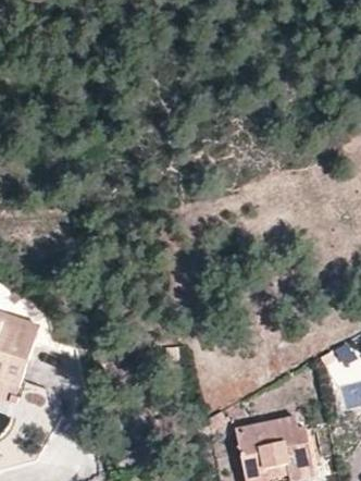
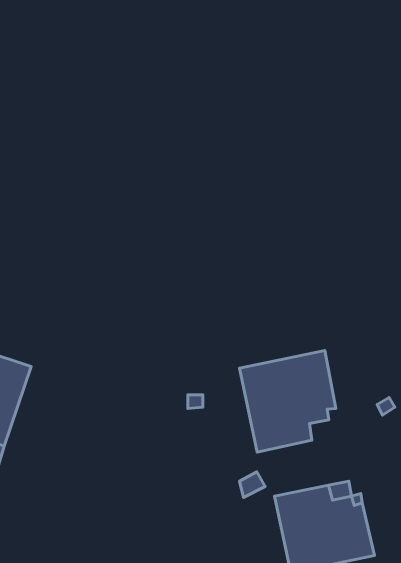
building: none -> [240,350,336,452]

